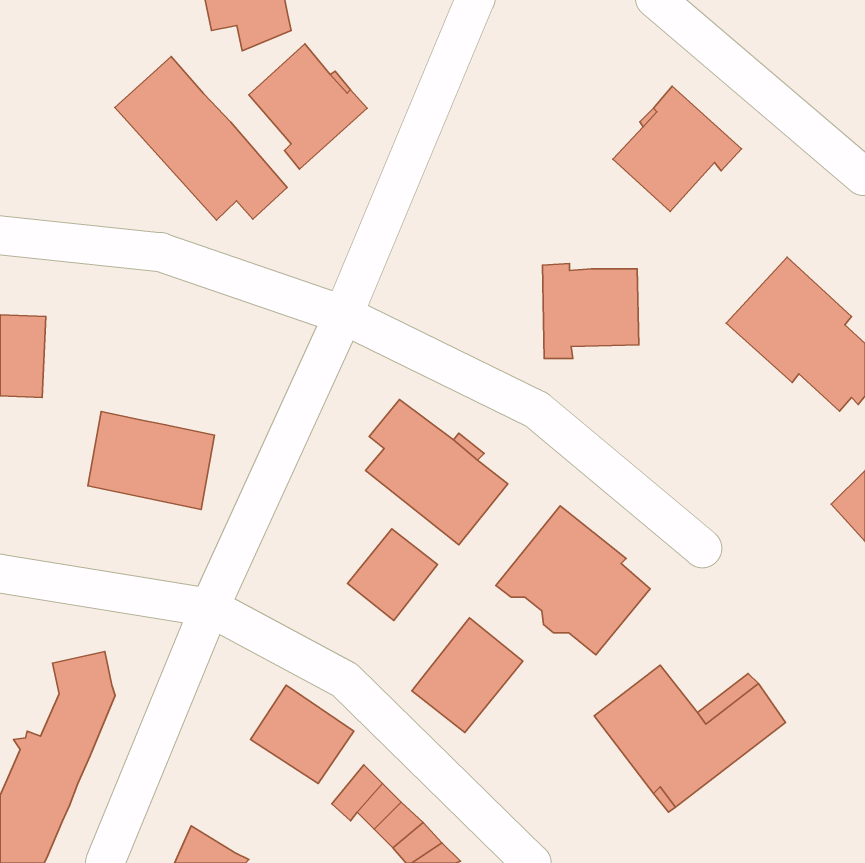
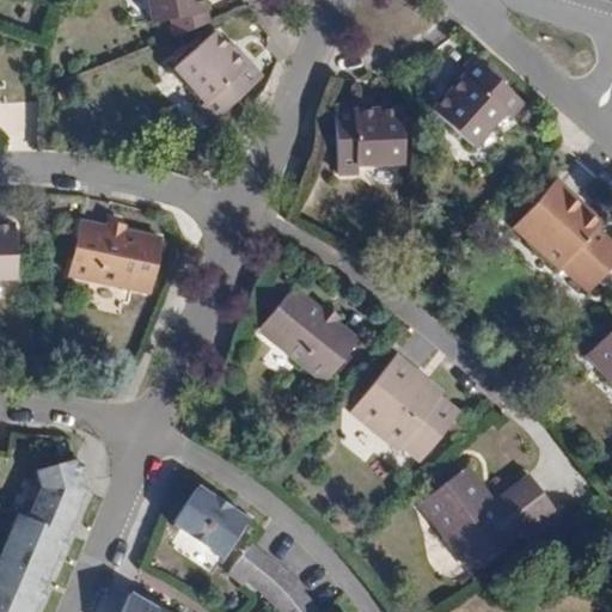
building: [115,57,287,220] -> none
building: [542,264,639,358] -> [336,109,404,176]
building: [88,411,215,509] -> [69,221,159,290]
building: [347,529,438,621] -> none
building: [412,618,523,732] -> none

